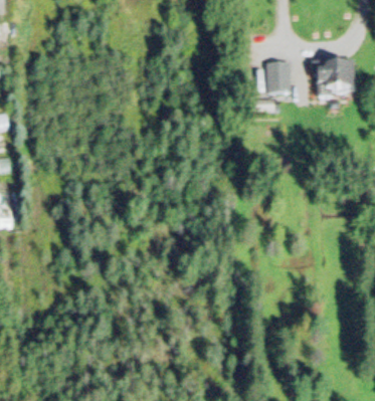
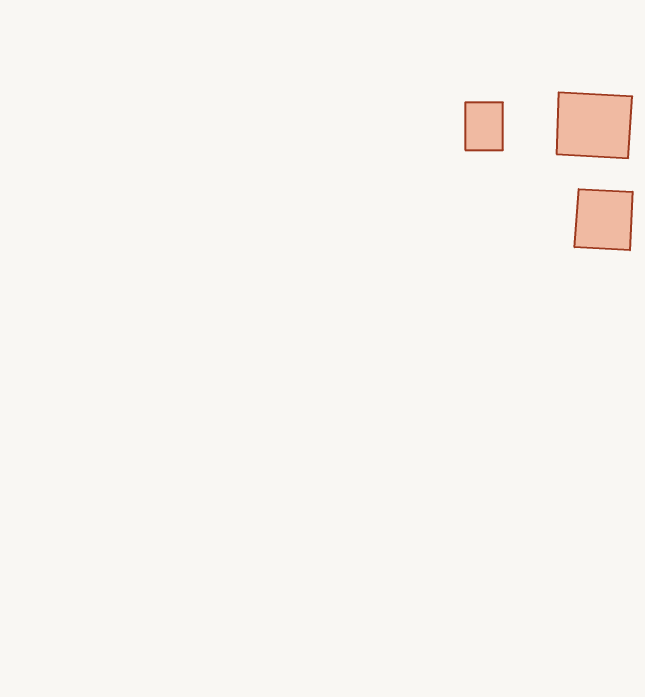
building: none -> [575,189,633,250]

